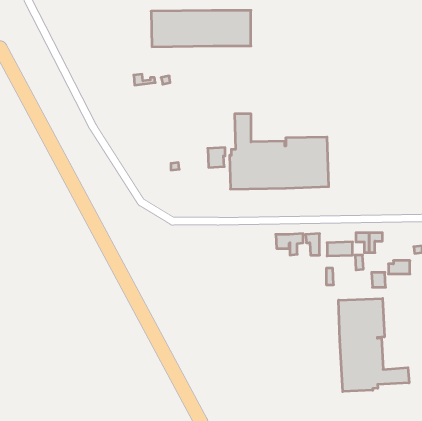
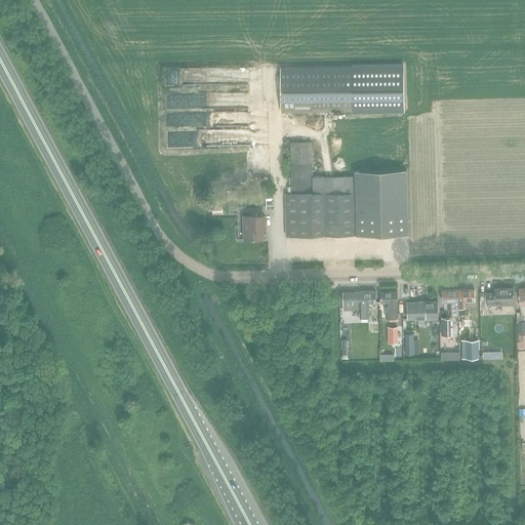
building: [151,10,251,47] -> [280,67,404,112]
building: [208,148,225,167] -> [243,215,265,240]
building: [388,261,410,274] -> [487,289,514,306]
building: [339,298,409,392] -> none

